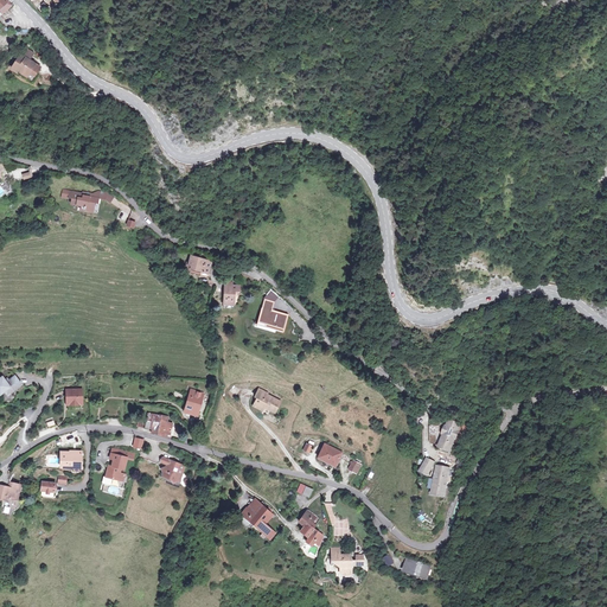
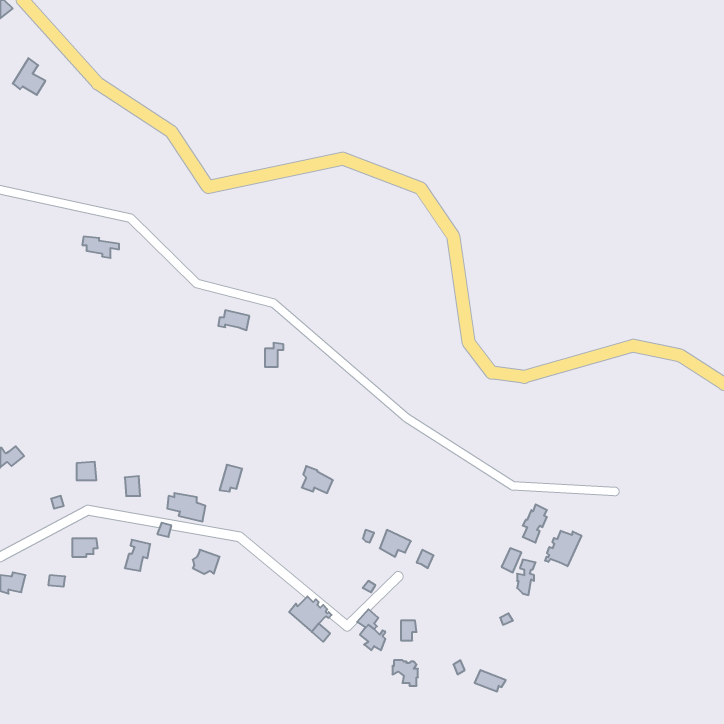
building: [255,300,287,328] -> none
building: none -> [545,531,581,566]

